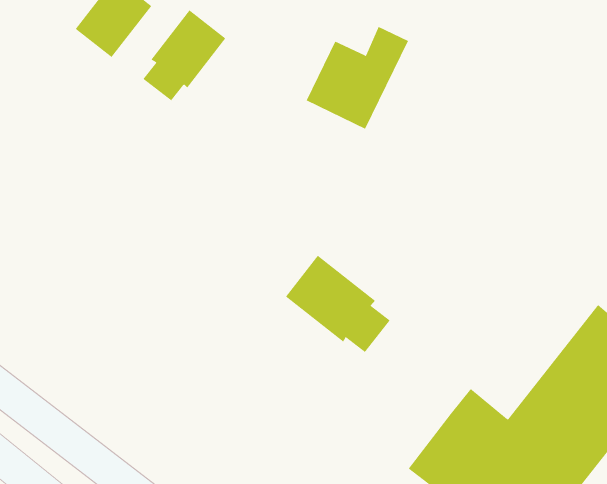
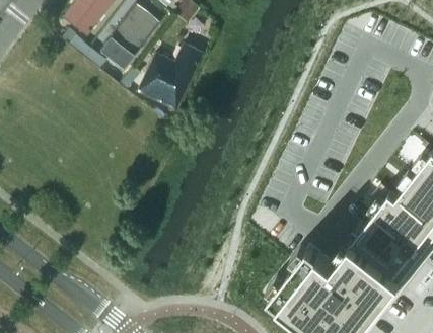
building: [306,26,409,129] -> [136,49,201,113]
building: [285,255,391,353] -> none

